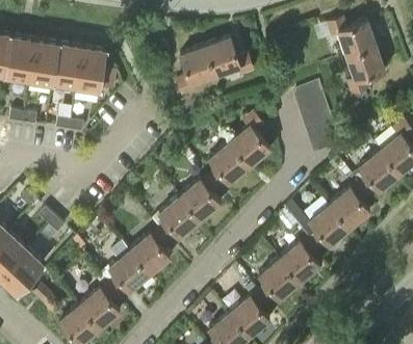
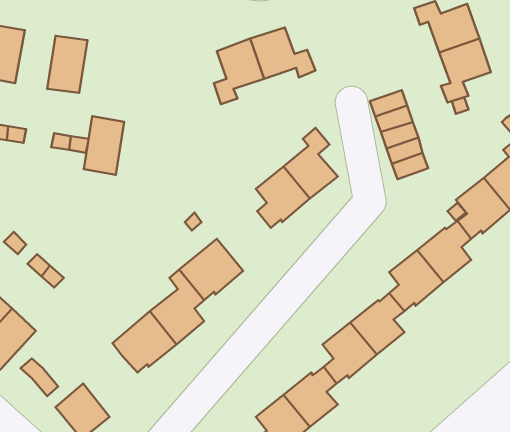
building: [29,41,59,84] -> none
building: [77,48,107,91] -> [84,116,124,175]
building: [180,176,221,220] -> none
building: [80,284,121,329] -> none

